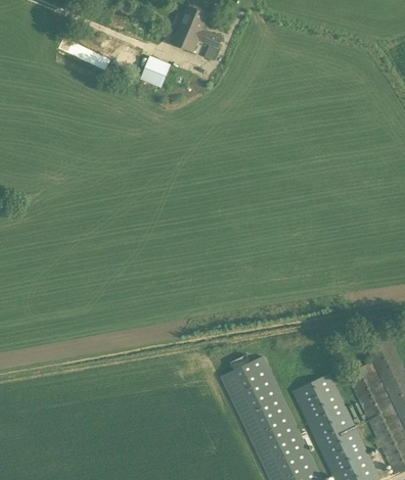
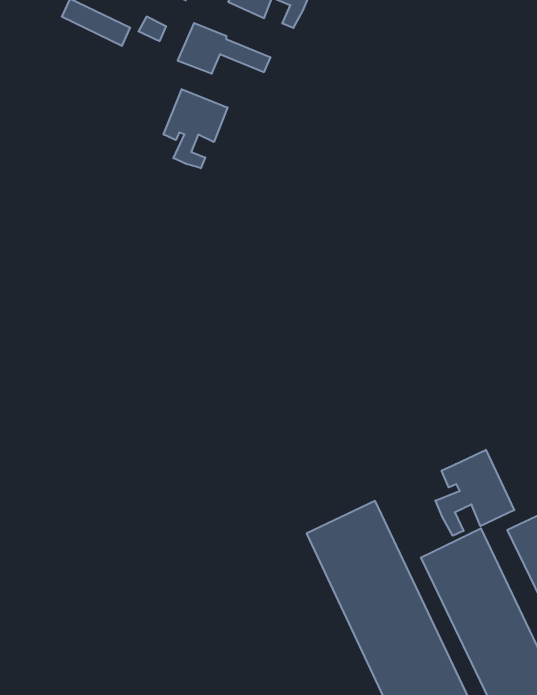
building: none -> [164,89,228,168]
building: none -> [435,450,514,536]

